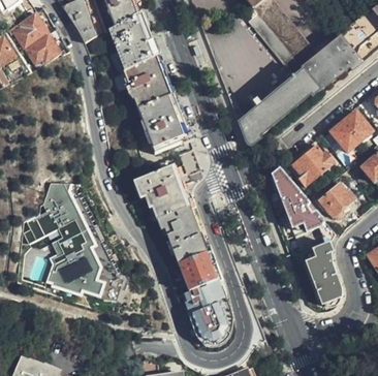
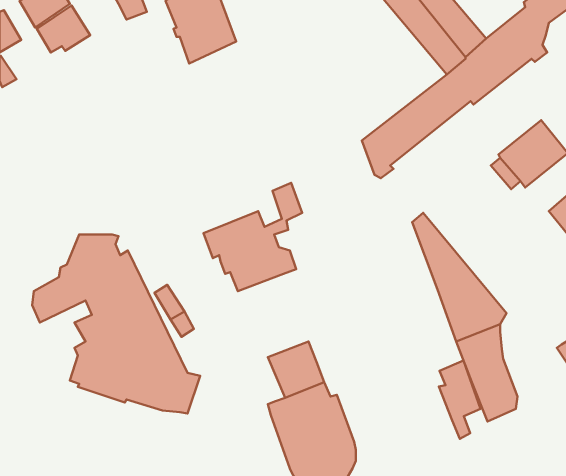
building: [122,55,192,153] -> none
building: [291,143,334,184] -> none
building: [320,184,353,220] -> none
building: [157,208,203,262] -> none
building: none -> [439,360,481,439]

